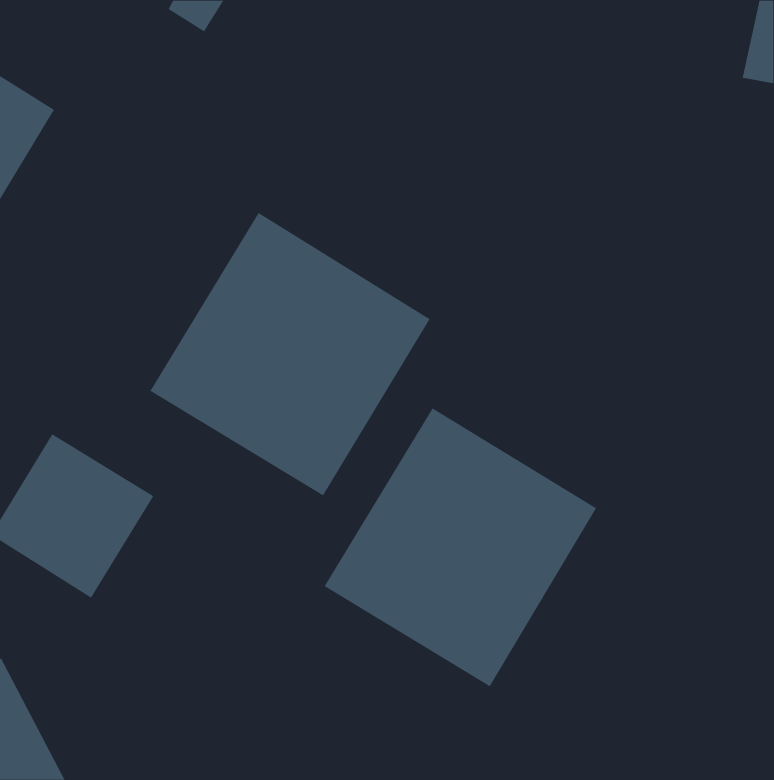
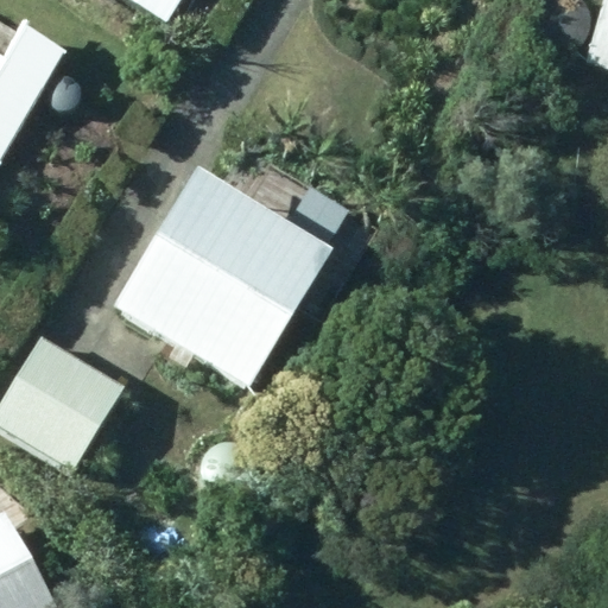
building: [324,408,597,687] -> none

